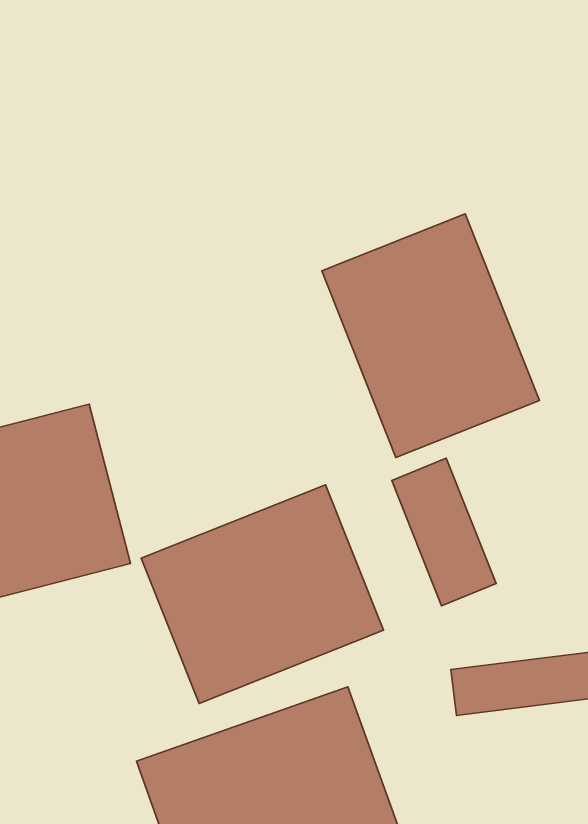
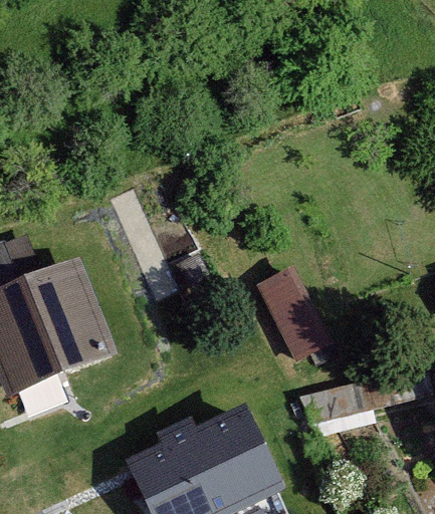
building: [322,214,539,458] -> none
building: [141,485,383,703] -> none

